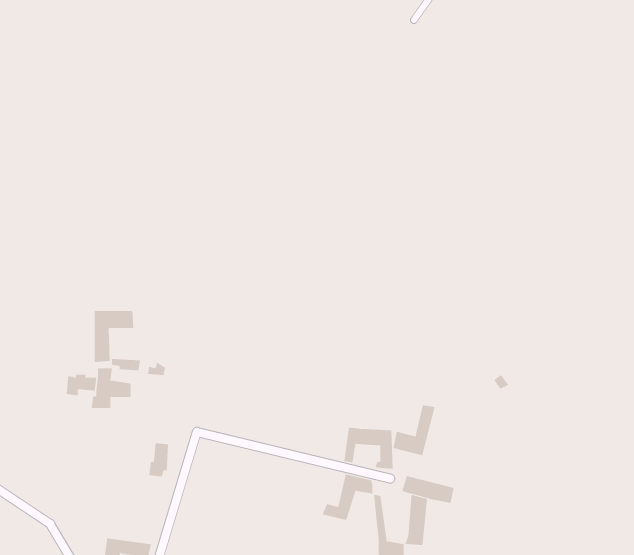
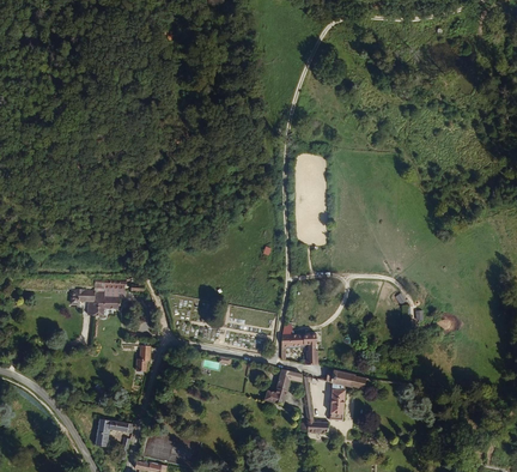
building: [94,310,134,363] -> none
building: [393,404,435,456] -> none

